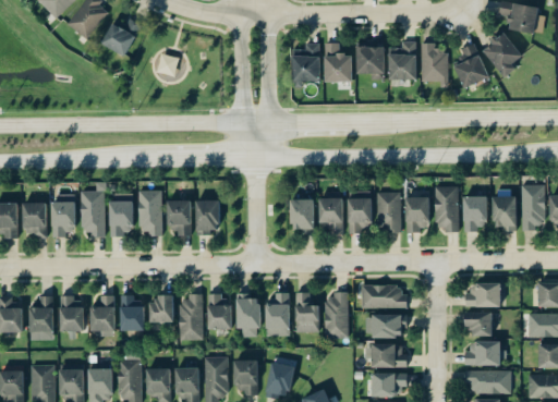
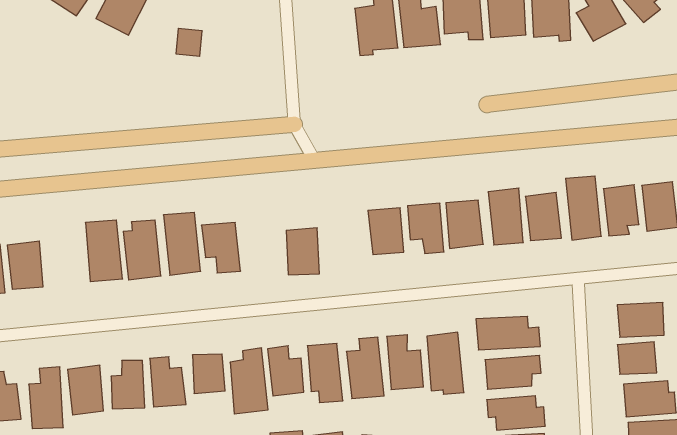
building: [51,195,75,237] -> none
building: [195,200,219,234] -> [286,228,319,275]

